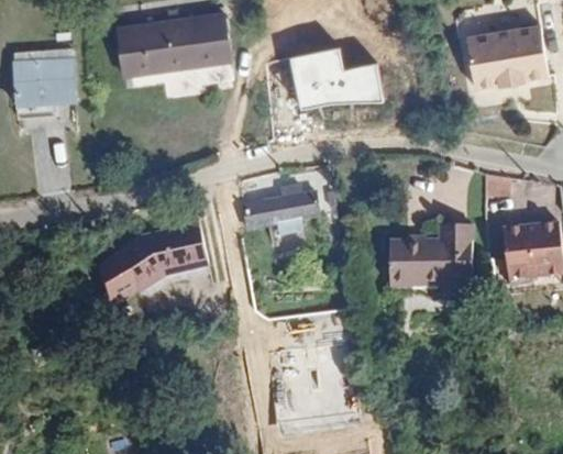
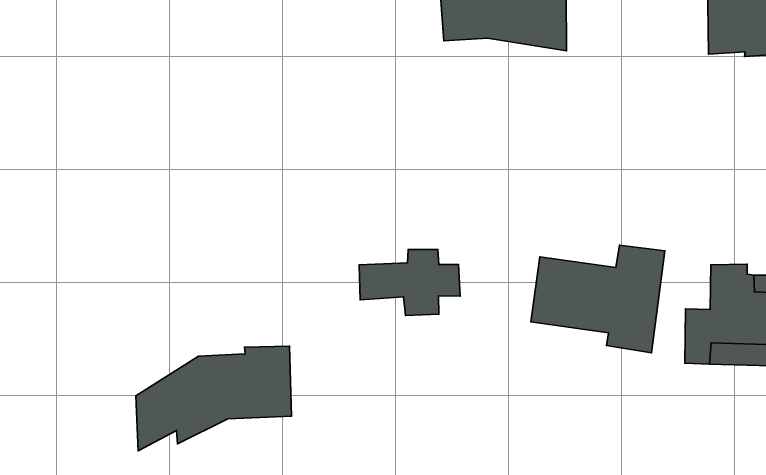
building: [249,186,319,233] -> [359,249,460,315]
building: [109,217,214,302] -> [136,346,291,451]

